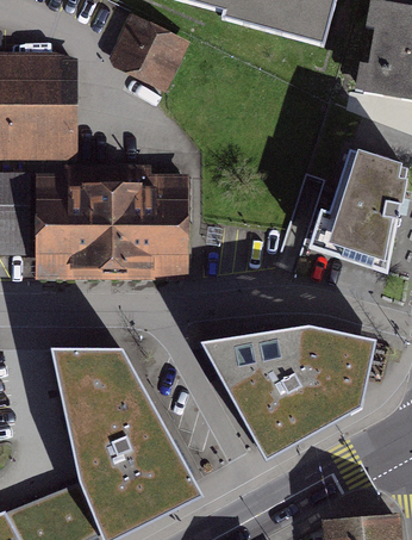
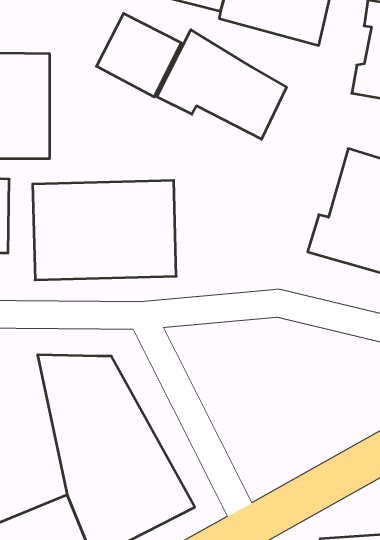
building: none -> [157,30,286,139]
building: [200,323,375,458] -> none

